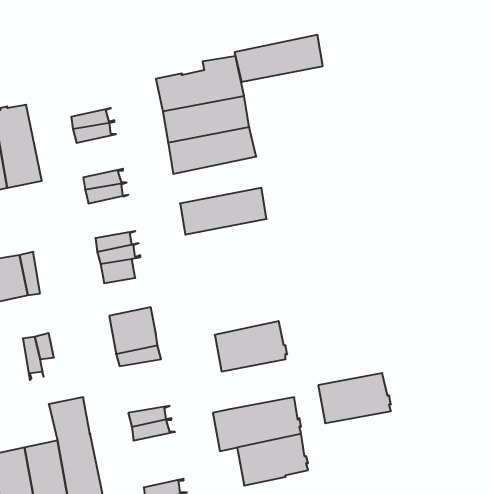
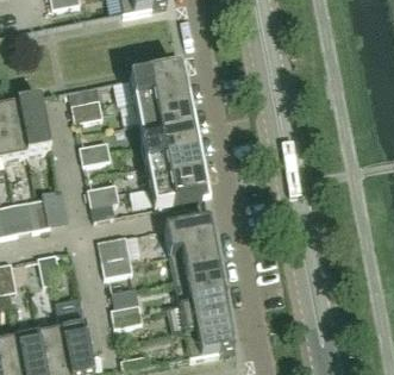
building: [235,35,323,82] -> [142,131,202,163]
building: none -> [150,174,211,207]
building: none -> [165,218,215,254]
building: [318,373,391,423] -> [175,270,225,305]

